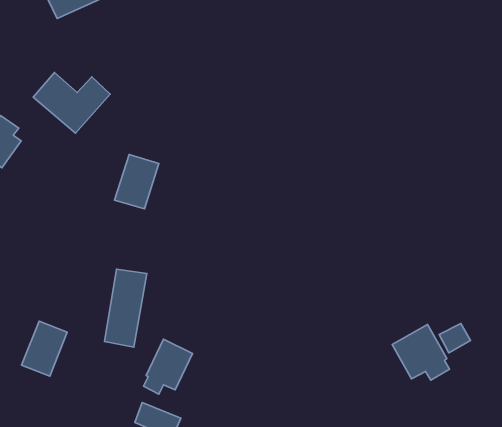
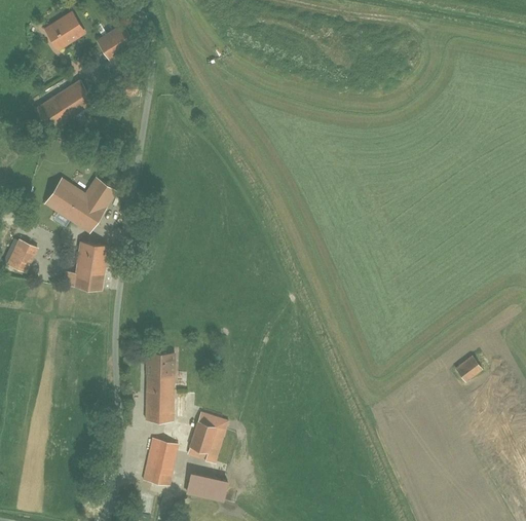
building: [115,154,159,209] -> [73,240,109,289]
building: [21,321,67,376] -> [142,438,180,487]
building: [392,324,450,380] -> none

